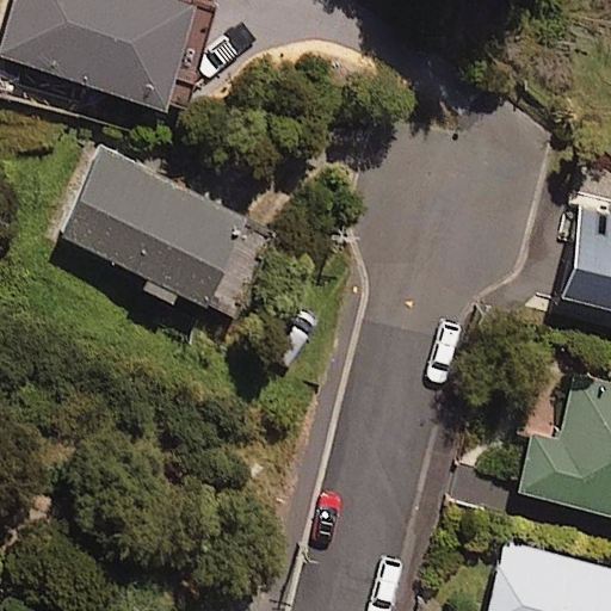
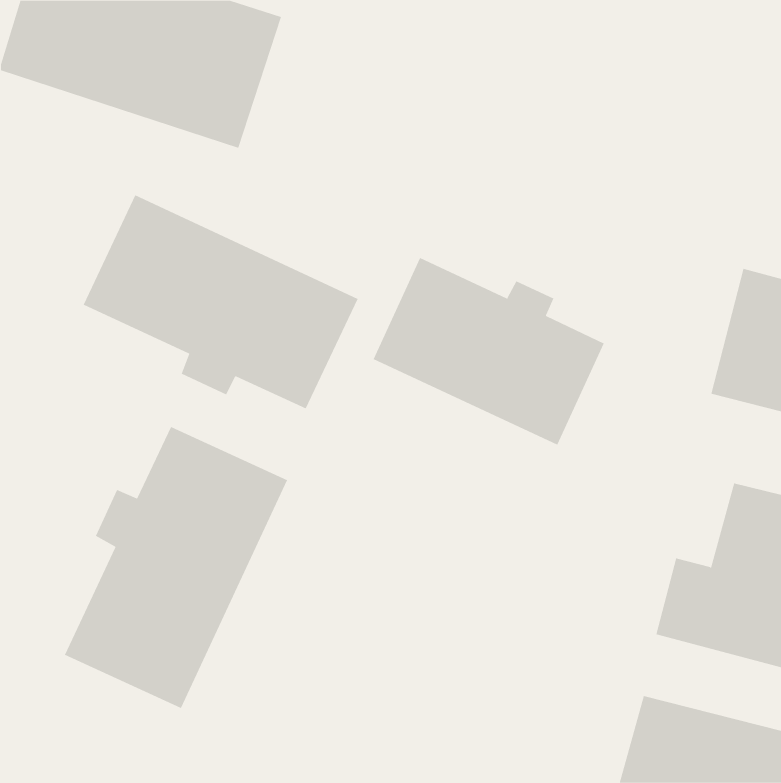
building: none -> [373,257,604,445]
building: none -> [64,426,288,709]

